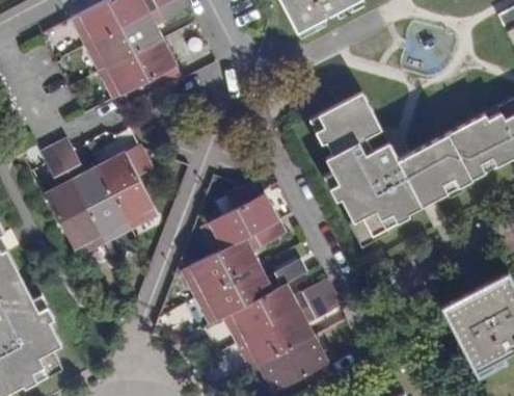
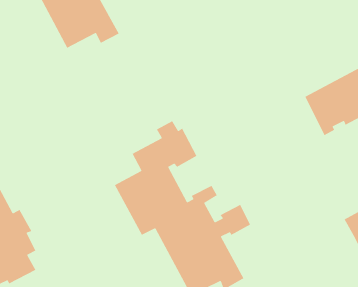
building: [322,86,430,246] -> none
building: [45,135,157,253] -> none

